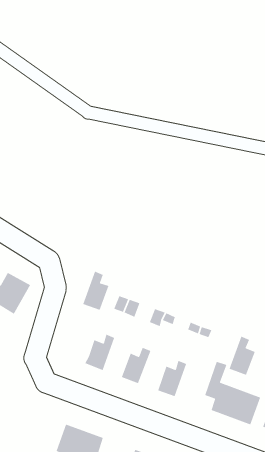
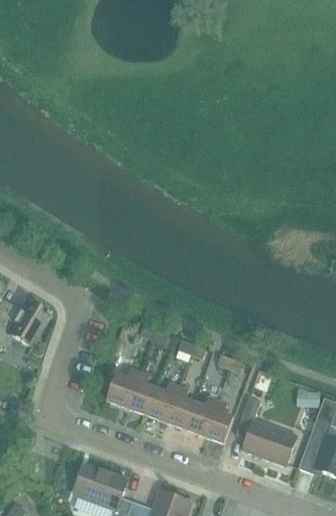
building: [82,271,109,311] -> [126,371,155,414]
building: [229,336,256,376] -> [204,399,233,442]
building: none -> [164,385,194,428]

